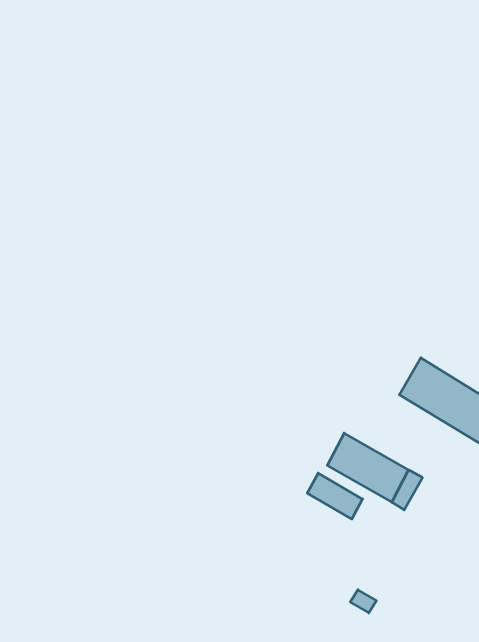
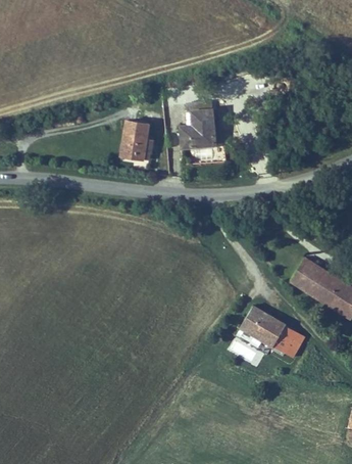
building: none -> [181,102,215,150]
building: none -> [121,122,150,159]

